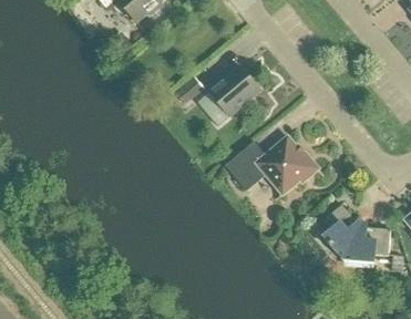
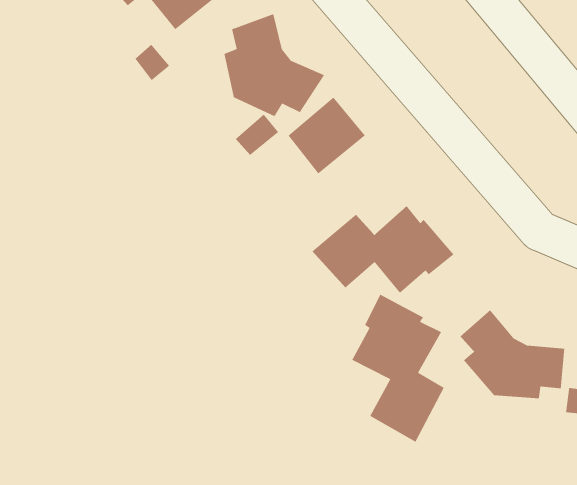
building: none -> [223,13,325,117]
building: none -> [351,294,445,443]

